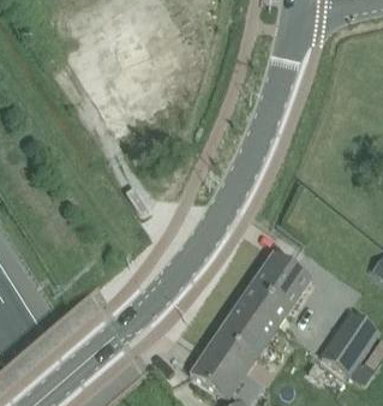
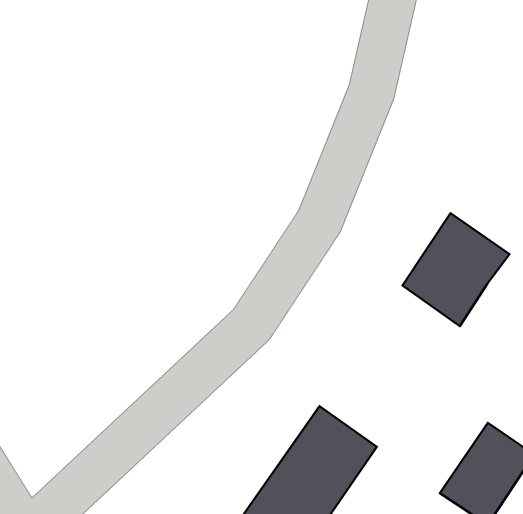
building: [243,250,312,323] -> [402,213,510,326]

